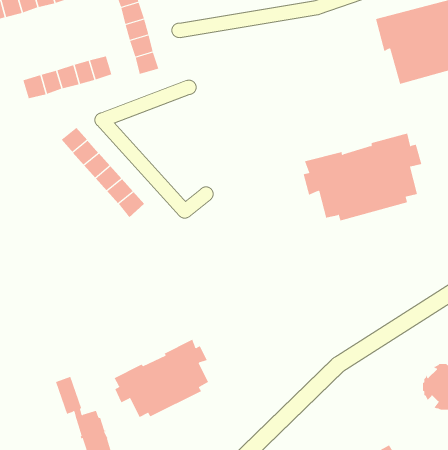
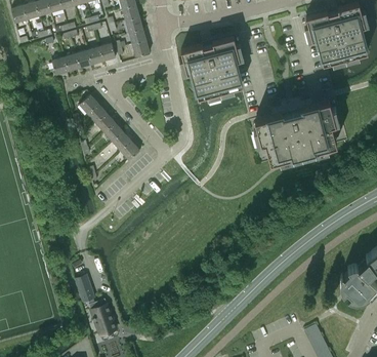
building: none -> [180,36,242,96]
building: [114,339,209,418] -> none

